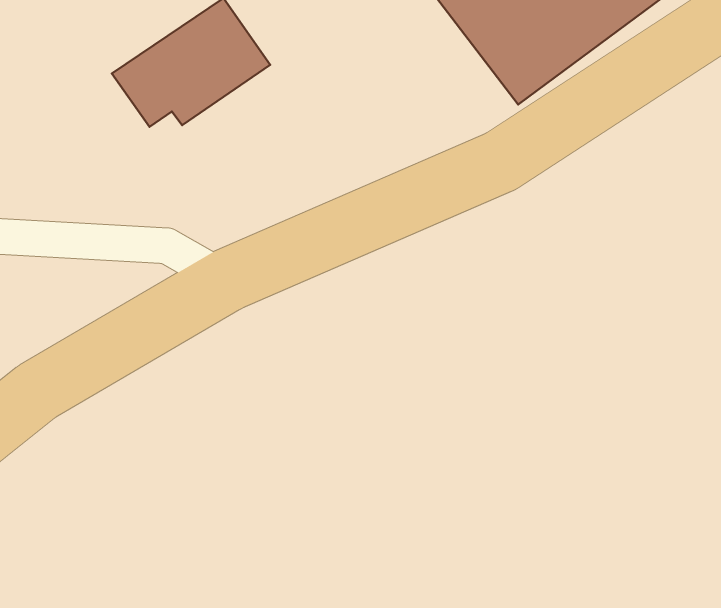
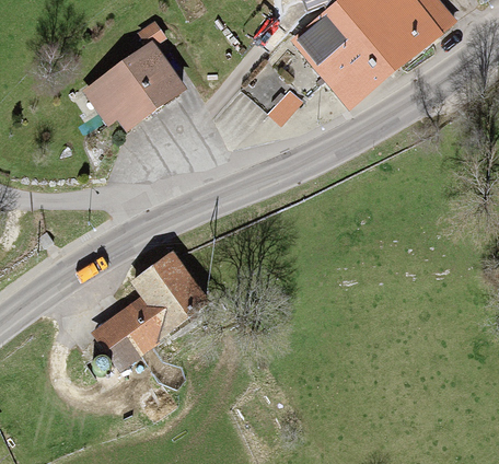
building: none -> [98,253,211,367]

